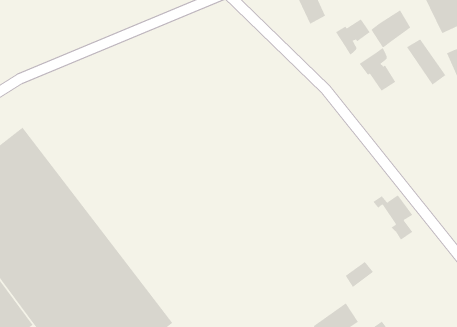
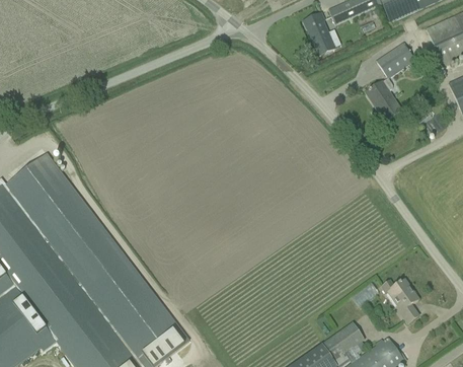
building: [335,18,371,55] -> none
building: [406,38,446,86] -> none
building: [373,195,413,240] -> [381,280,419,323]

